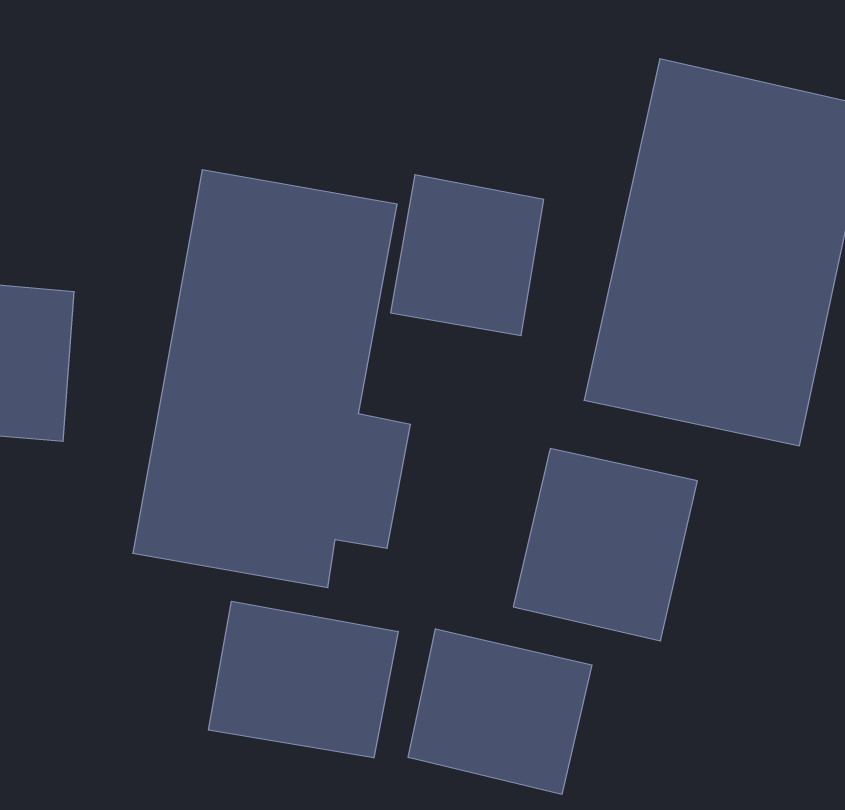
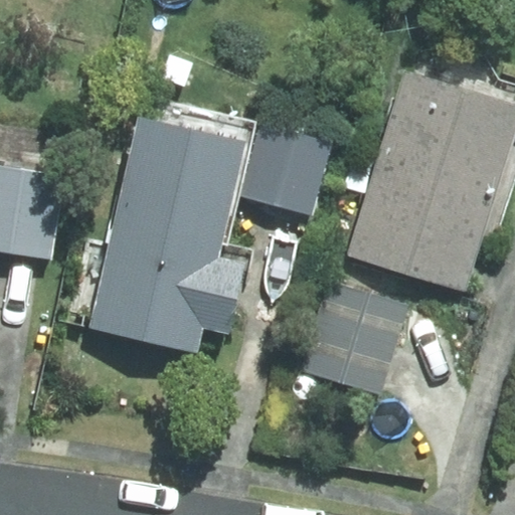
building: [208,601,398,758] -> none
building: [408,629,592,794] -> none

